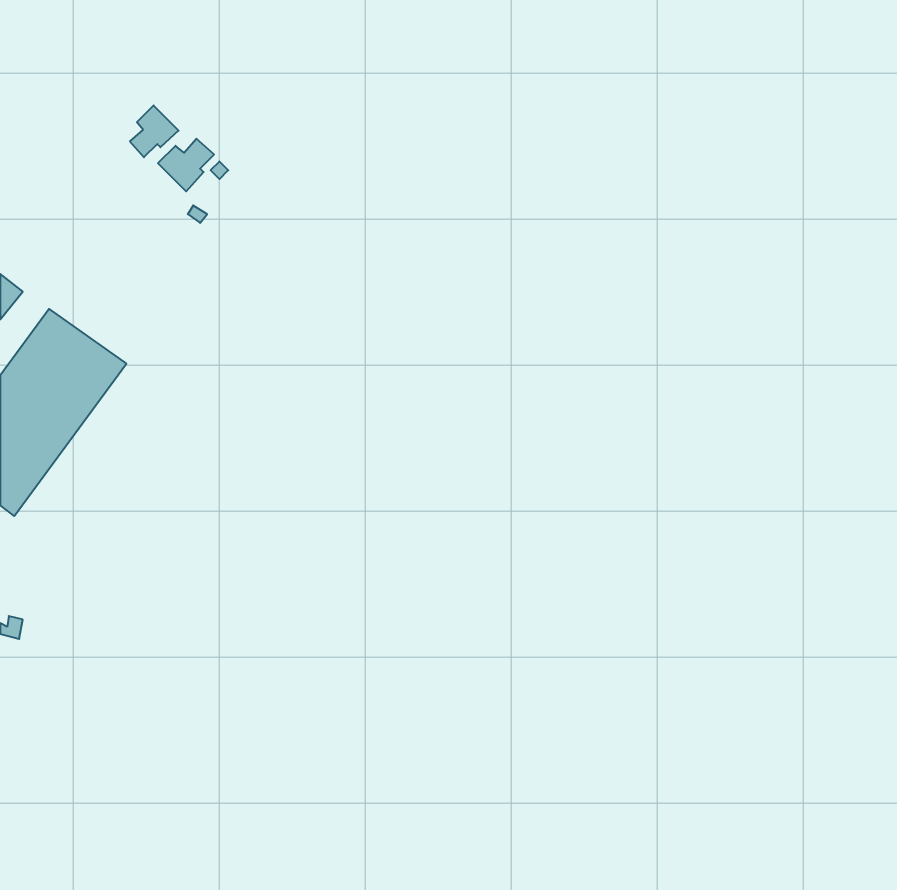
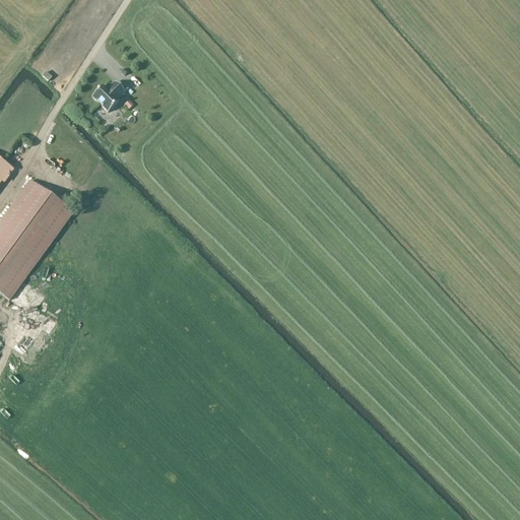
building: [130,105,179,157] -> none

